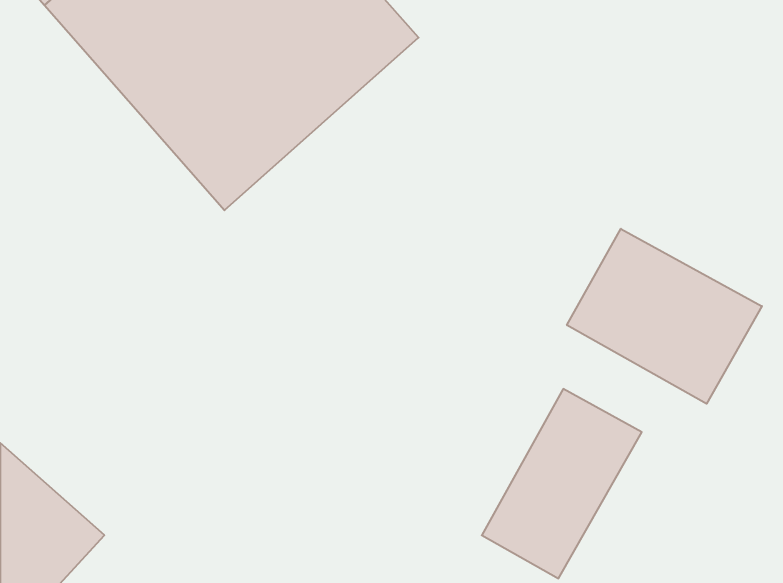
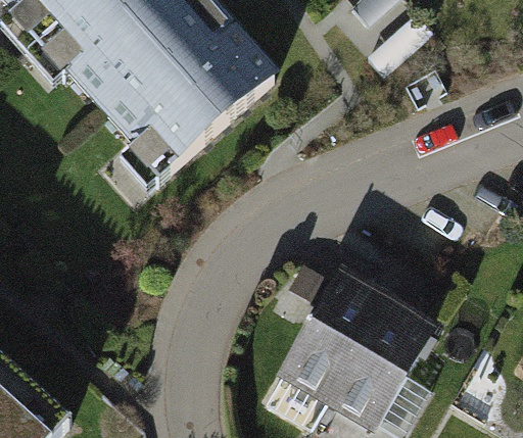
building: [567,229,762,404] -> none
building: none -> [270,276,375,401]

